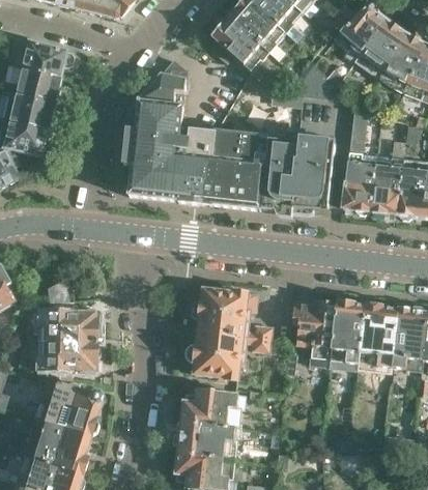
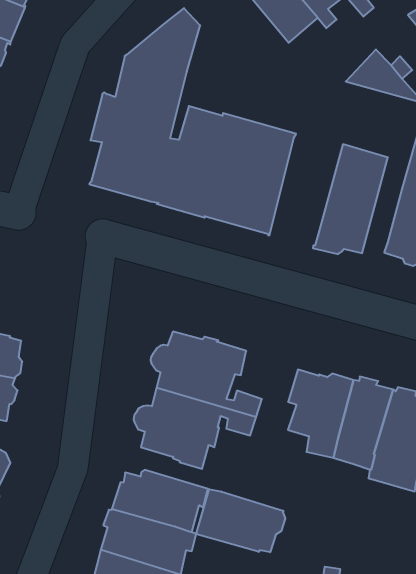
building: [259,137,301,218] -> none
building: none -> [196,489,285,552]

